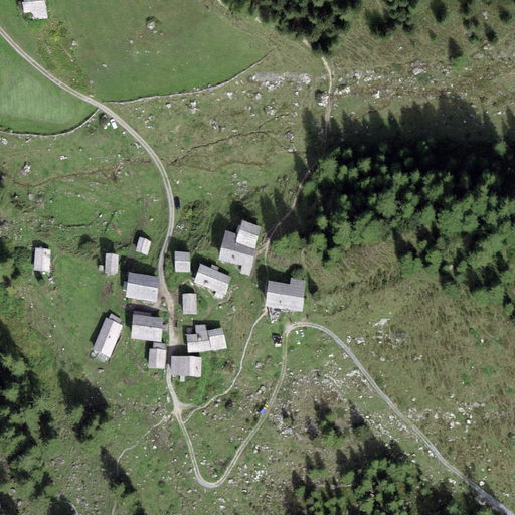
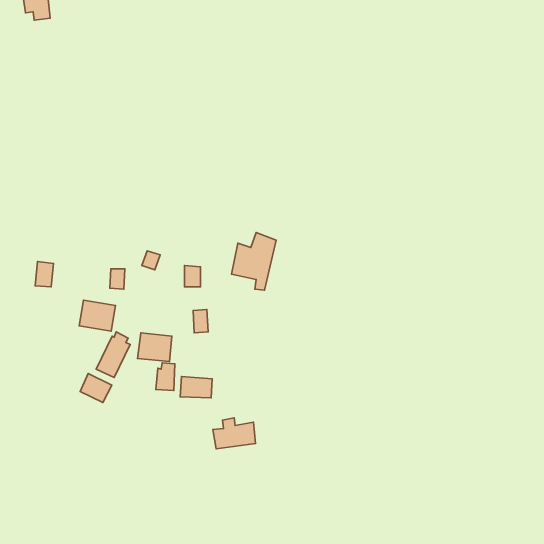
building: [192,262,230,294] -> none
building: [125,272,159,301] -> [79,300,116,331]
building: [264,277,306,311] -> none
building: [185,323,225,352] -> [213,418,255,449]
building: none -> [80,374,112,402]

